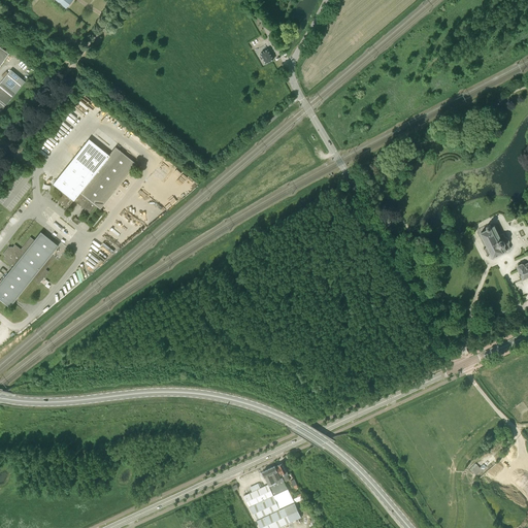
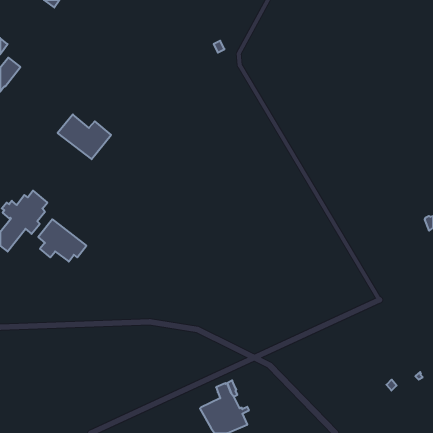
building: [53,162,111,213] -> [38,219,86,262]
building: [480,225,510,258] -> none

